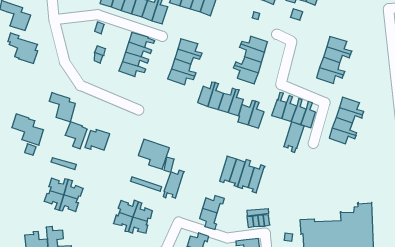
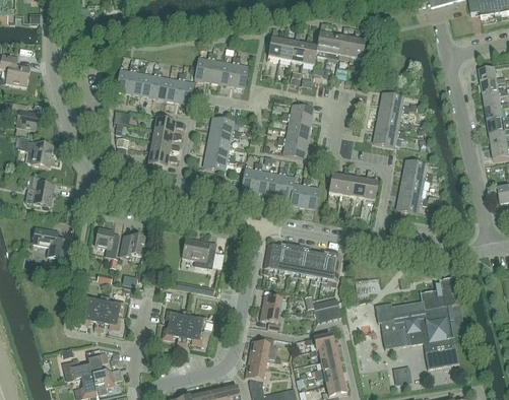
building: [49,93,75,122] -> [22,175,53,205]
building: [284,122,304,152] -> [321,252,341,286]
building: [163,170,184,198] -> [263,241,283,274]

